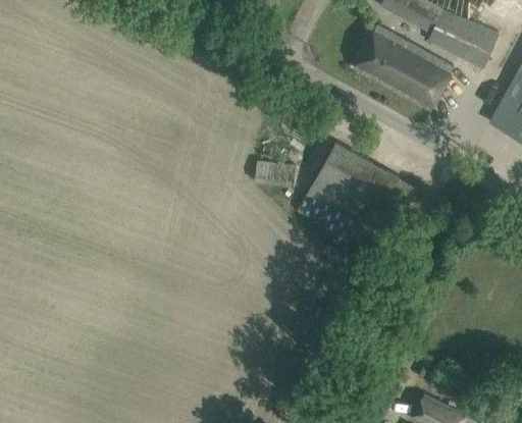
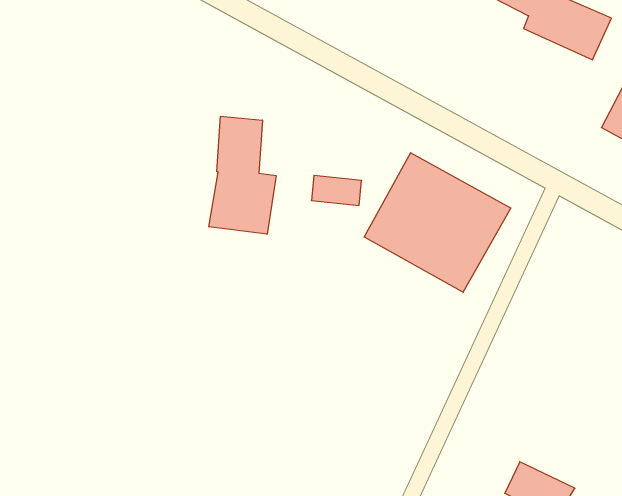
building: [354,24,456,110] -> none
building: none -> [209,116,276,234]

